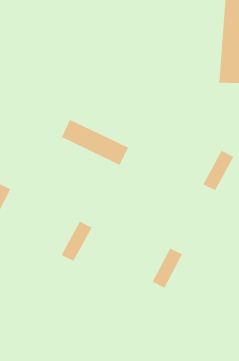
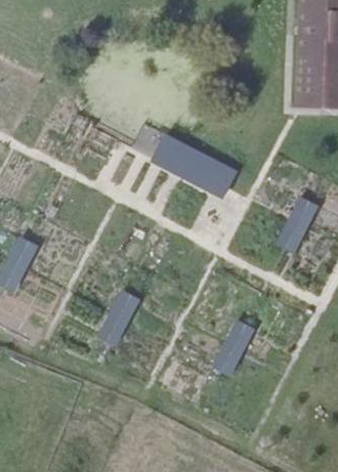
building: [61,119,129,166] -> [152,137,237,196]

